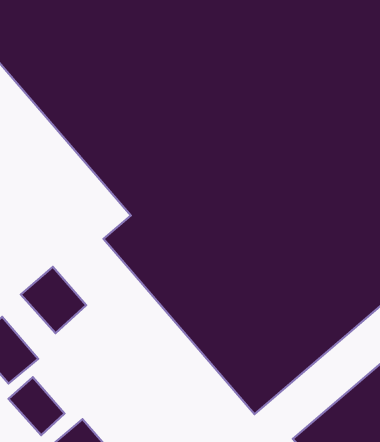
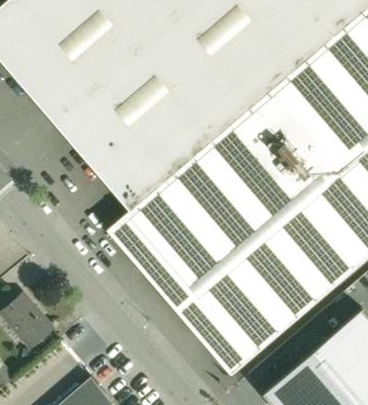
building: [21,267,86,333] -> none
building: [8,377,65,435] -> none

